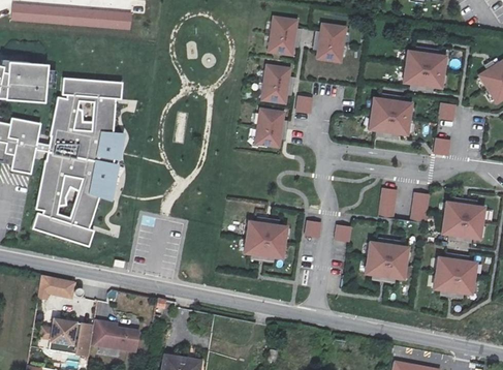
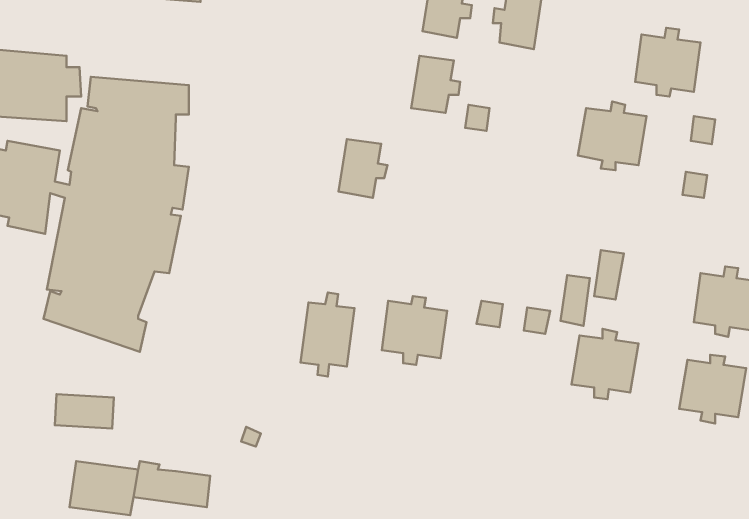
building: [257,106,288,144] -> [339,139,388,198]
building: [411,190,430,222] -> [561,275,590,326]
building: none -> [301,293,355,376]

